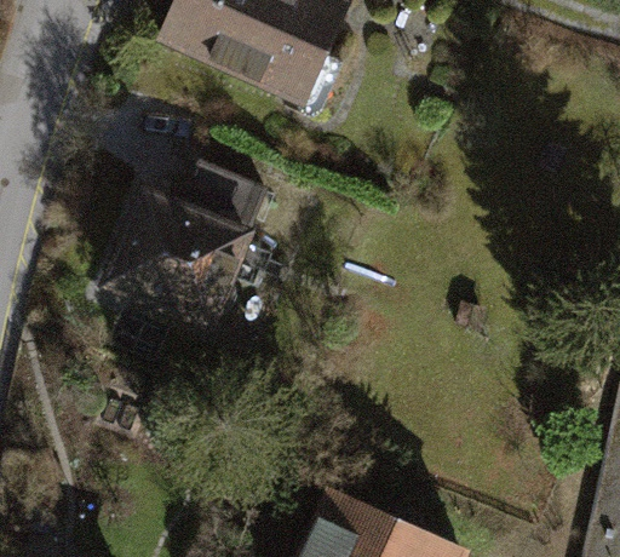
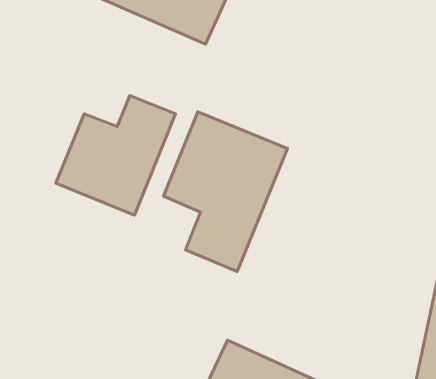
building: none -> [164,112,287,271]

